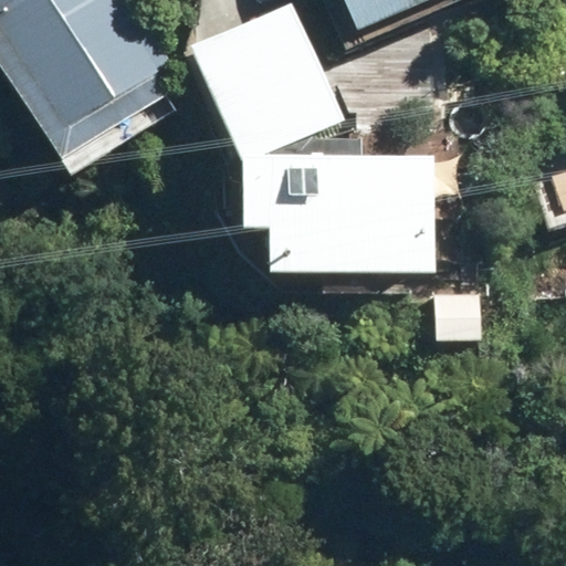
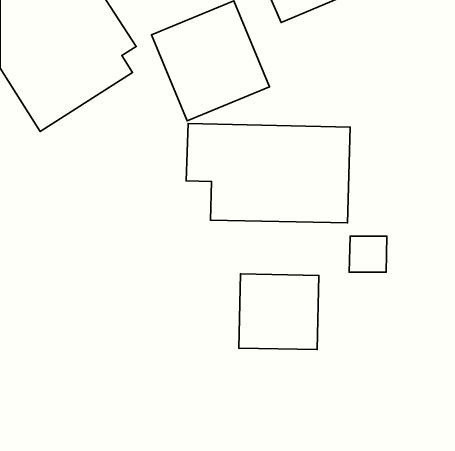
building: none -> [239,274,319,350]

